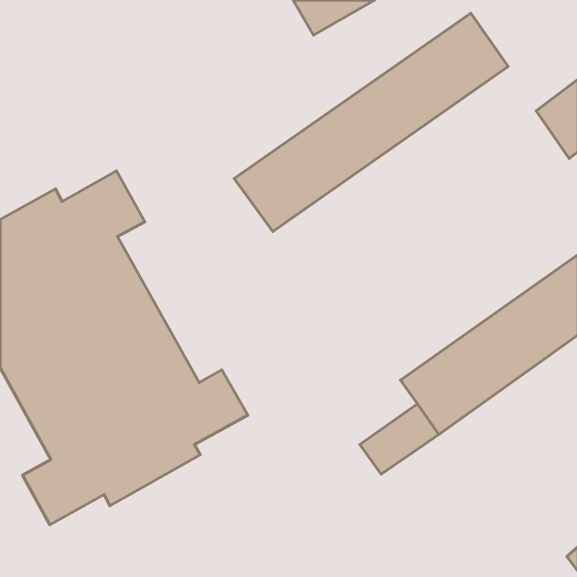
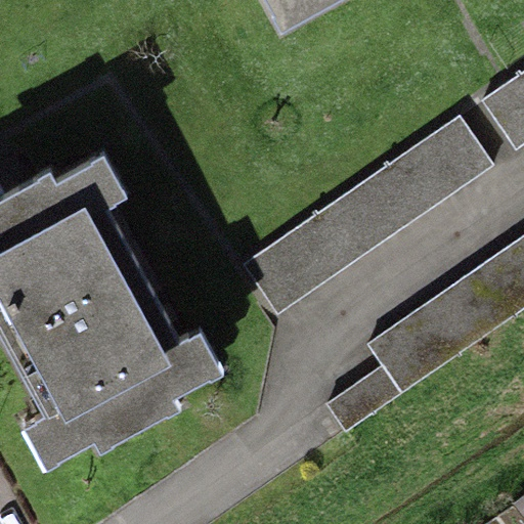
building: [234,13,508,232] -> [239,119,487,316]

